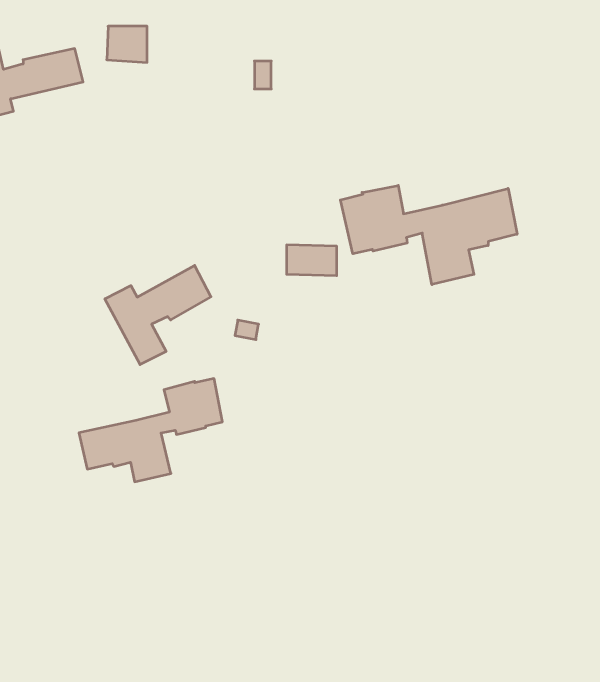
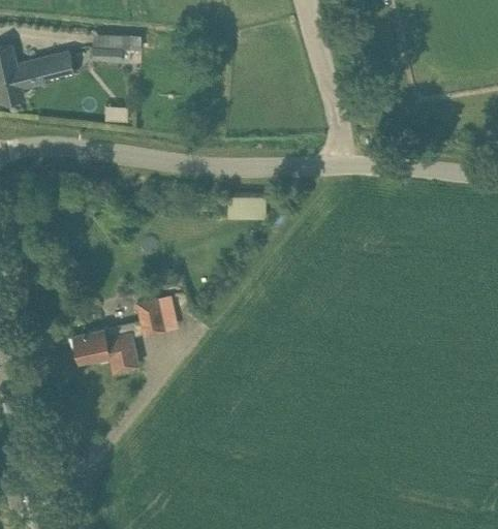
building: [340,185,517,285] -> none
building: [105,265,211,365] -> none

